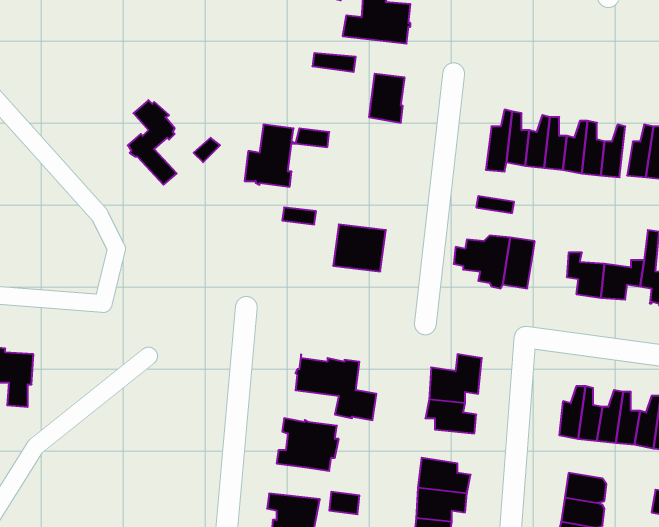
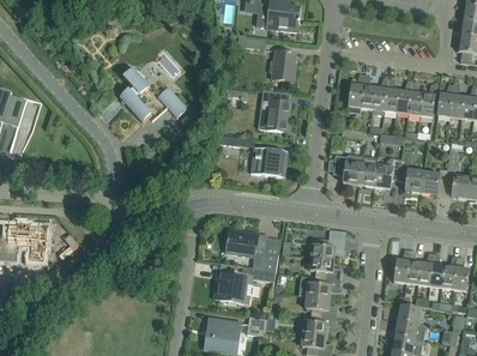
building: [245,125,295,187] -> [258,91,290,131]
building: none -> [373,157,400,188]
building: none -> [306,277,339,298]

